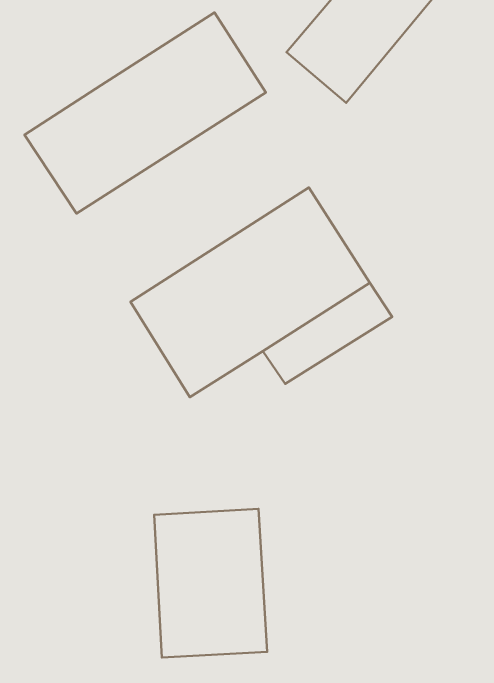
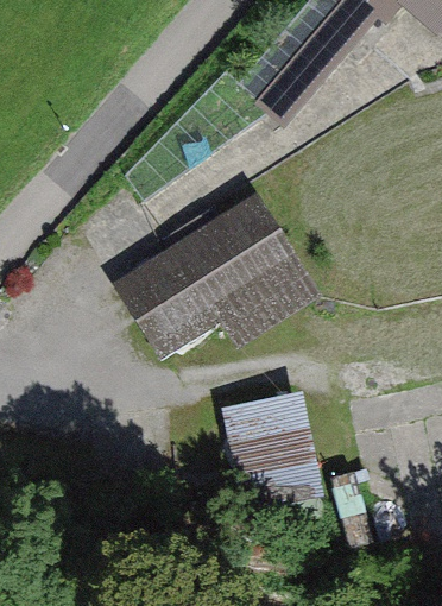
building: [25,13,266,214] -> none
building: [154,509,267,658] -> [227,397,317,516]

